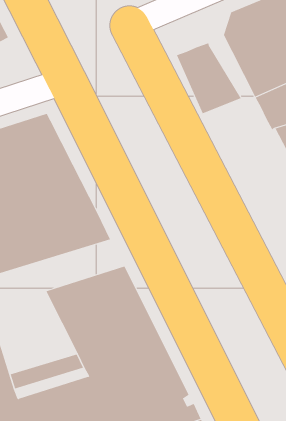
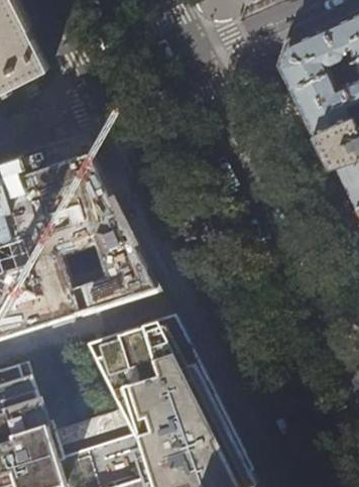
building: [176,42,242,114] -> none

